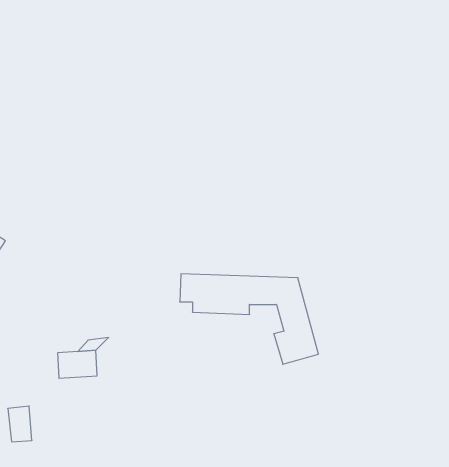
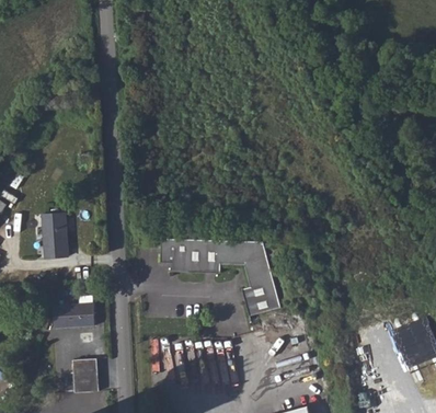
building: none -> [44,214,69,249]
building: [8,406,32,442] -> [72,362,93,392]

